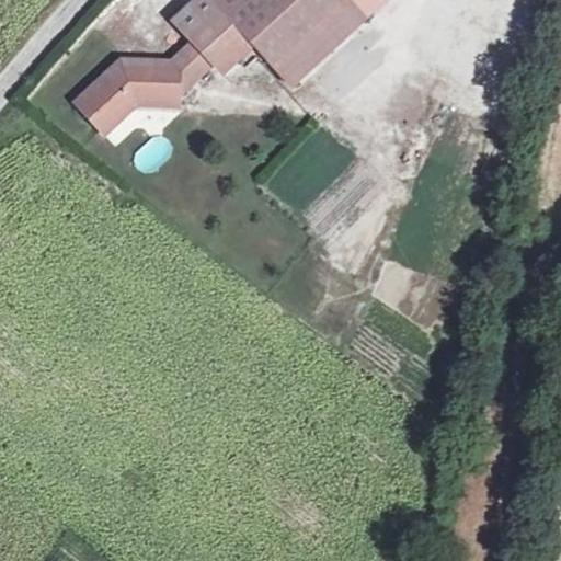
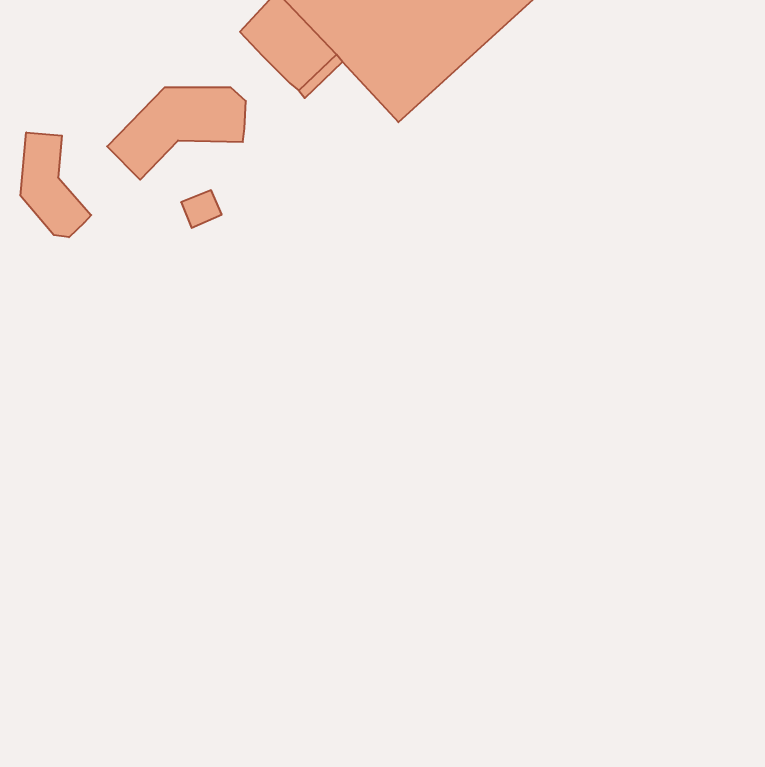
building: [168,41,210,93] -> none
building: none -> [21,132,91,237]

